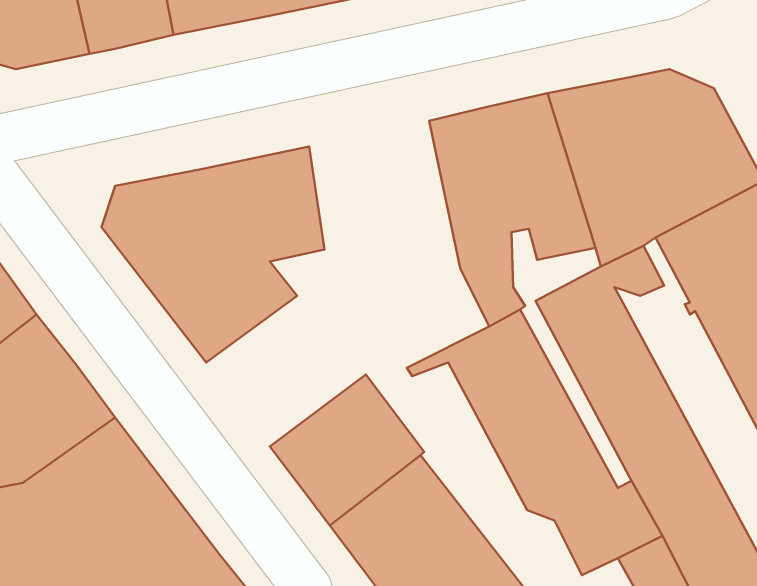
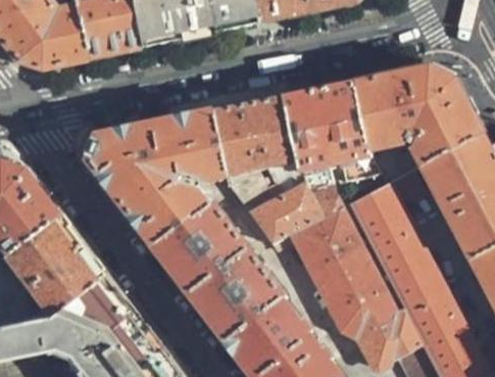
building: none -> [215,97,323,245]
building: none -> [154,199,249,291]

